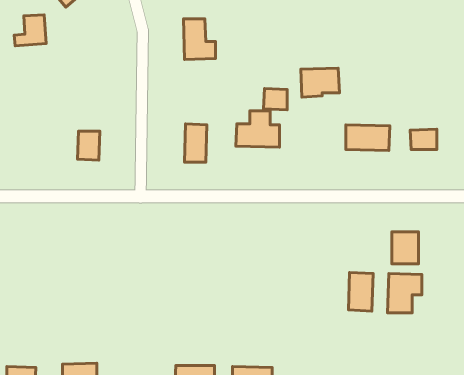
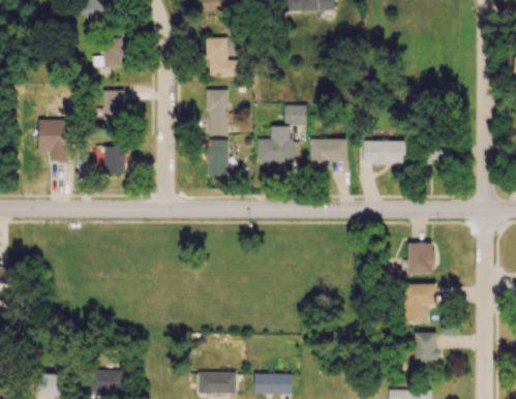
building: [14,15,46,46] -> [93,37,124,67]
building: [301,68,339,97] -> [310,137,347,165]
building: none -> [207,89,229,134]
building: none -> [104,90,125,119]
building: none -> [39,119,69,161]
building: [348,273,373,311] -> [415,332,438,369]

